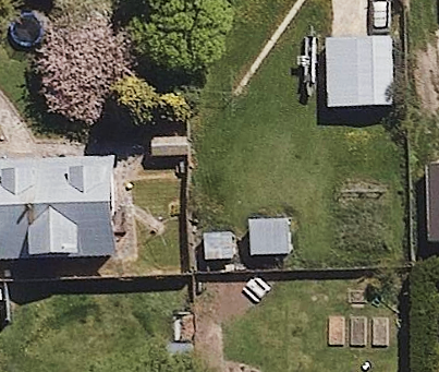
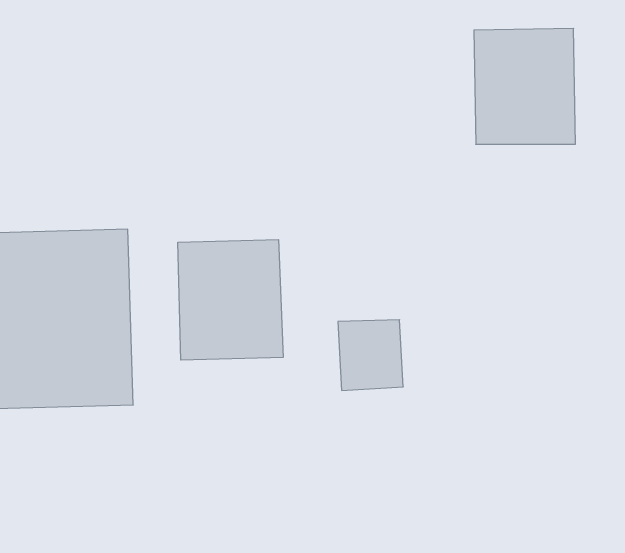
building: none -> [178,240,283,360]

